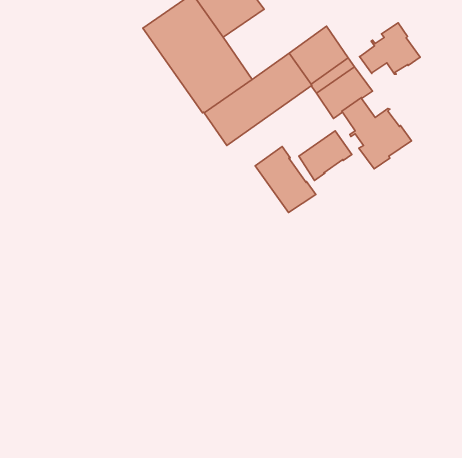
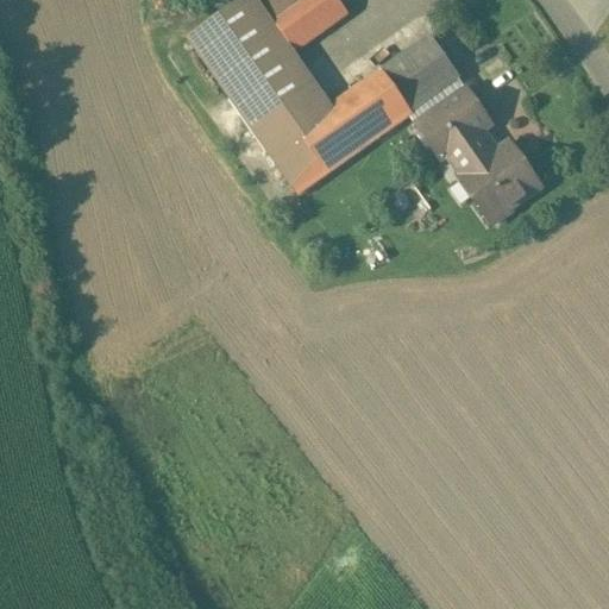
building: [360,23,420,74] -> none
building: [299,131,352,180] -> none
building: [255,146,316,213] -> none

